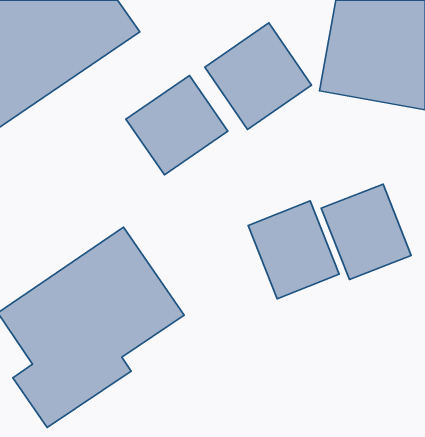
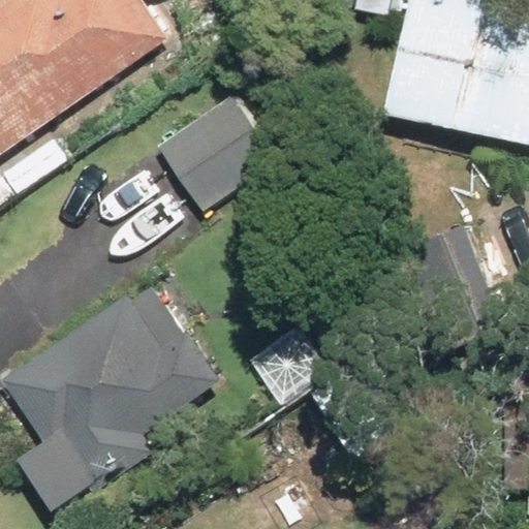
building: [205,23,312,129] -> none
building: [248,201,339,299] -> none

